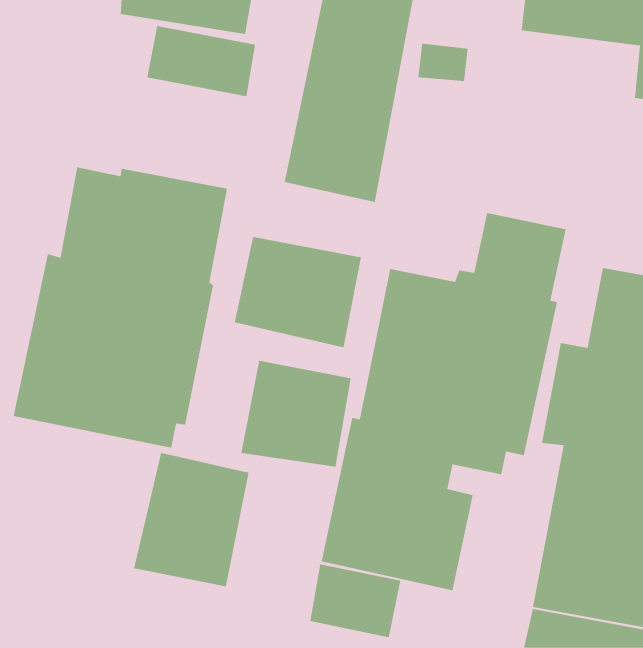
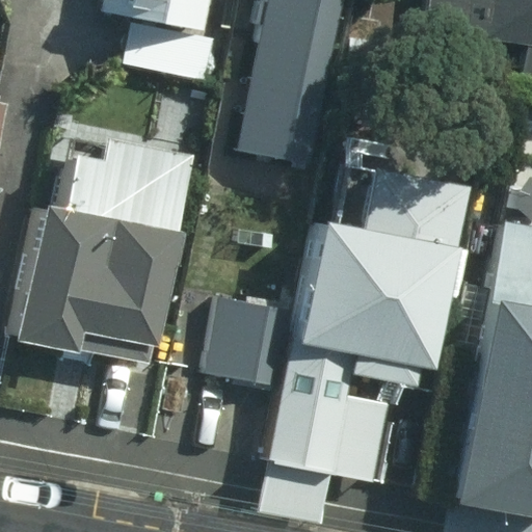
building: [234,236,361,348] -> none
building: [133,452,249,587] -> none

